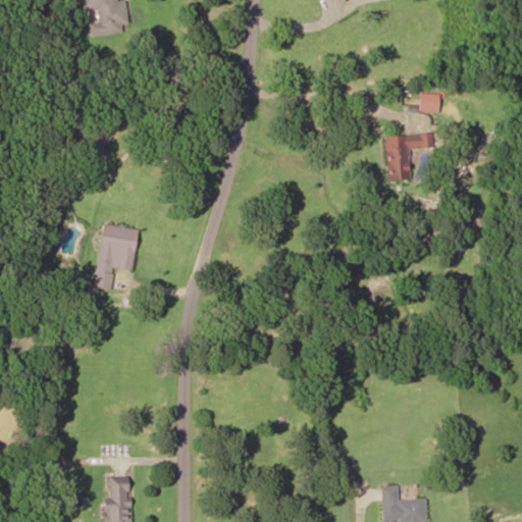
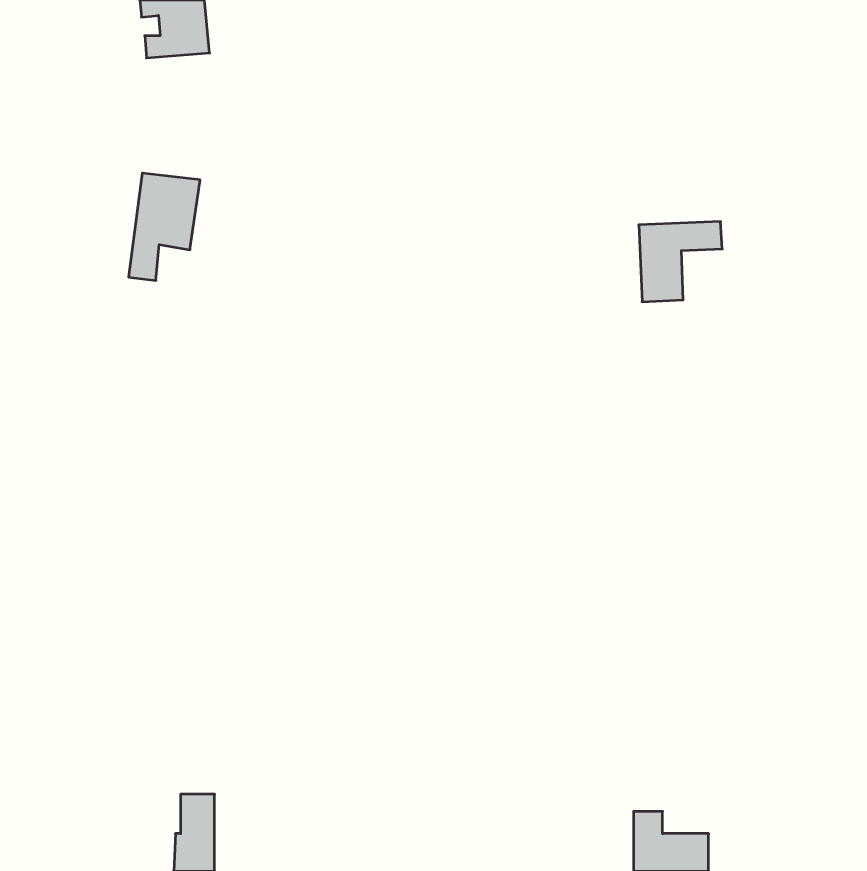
building: [419,93,438,112] -> none
building: [95,224,138,289] -> [129,173,200,280]

